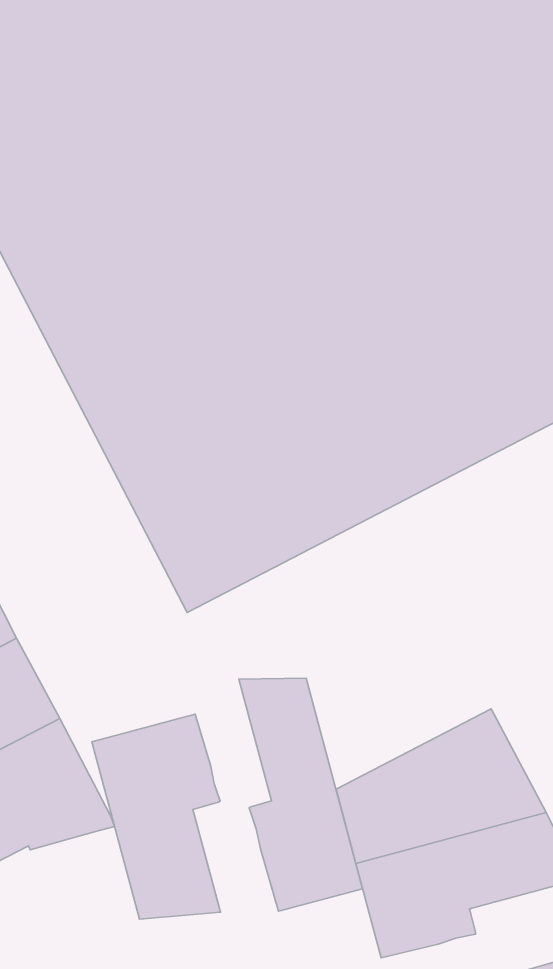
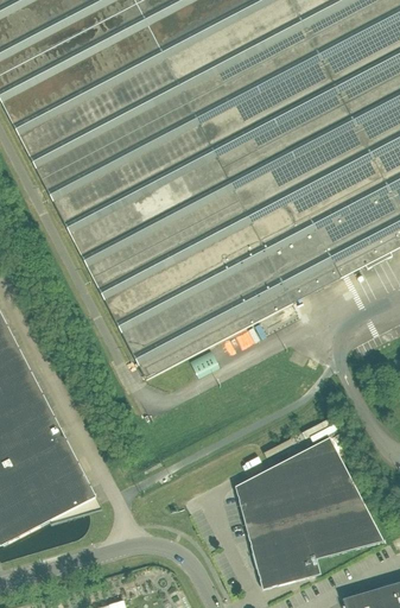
building: [239,678,363,911] -> none
building: [92,714,220,919] -> none

